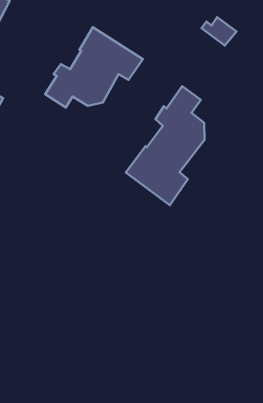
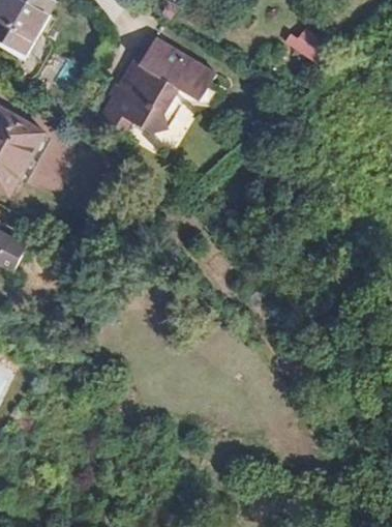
building: [126,86,205,205] -> none

